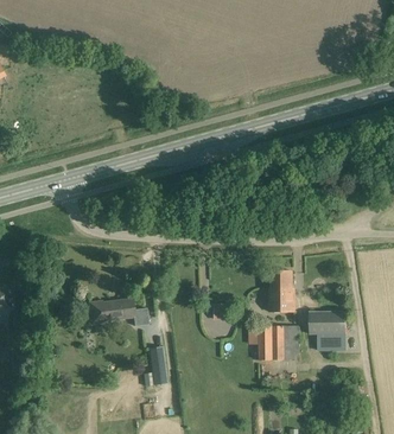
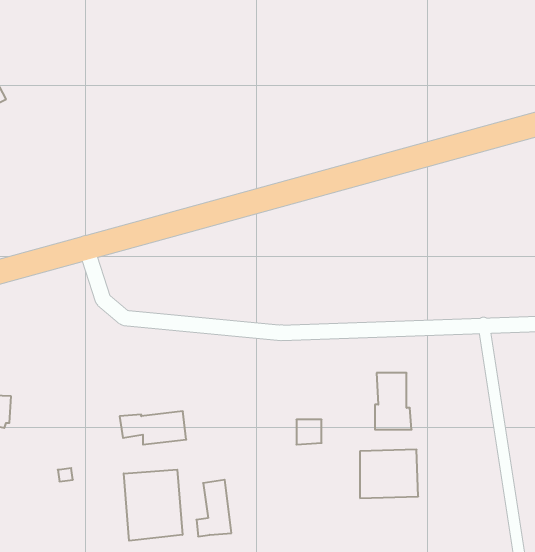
building: [309,311,345,349] -> none
building: none -> [124,470,182,541]

